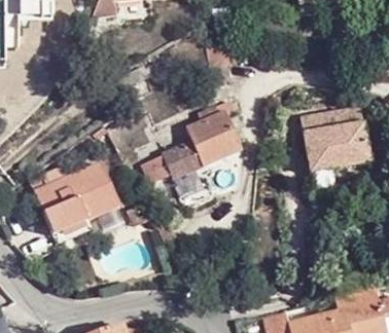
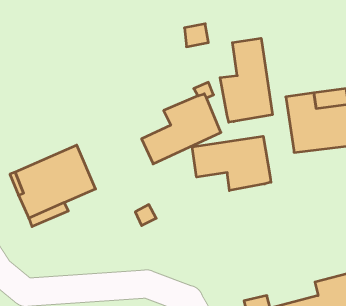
building: none -> [220,38,272,122]
building: none -> [192,136,271,191]

